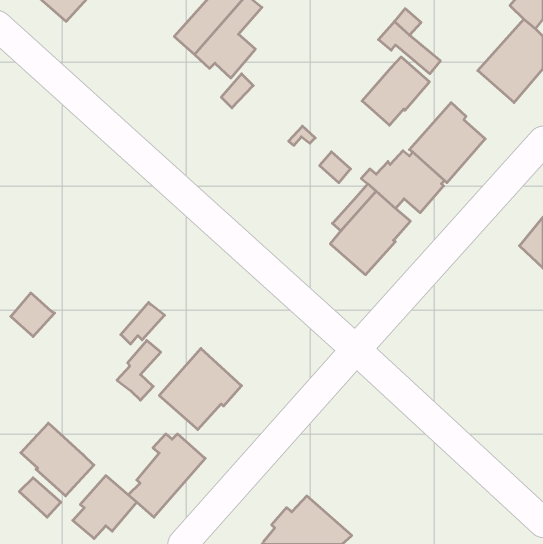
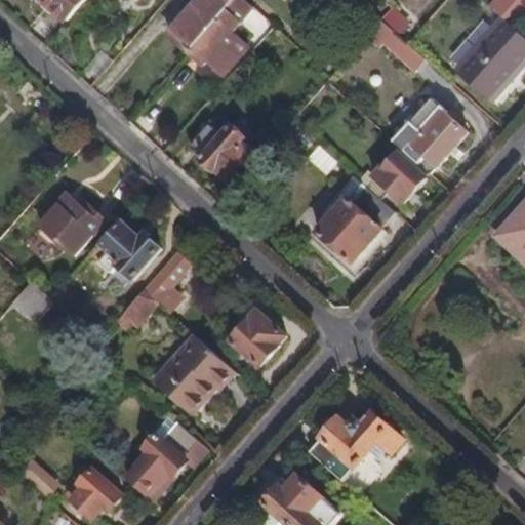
building: [362,57,429,125] -> none
building: none -> [188,125,250,183]
building: none -> [45,185,115,246]
building: none -> [90,220,159,279]
building: none -> [230,311,285,366]
building: [117,340,161,400] -> [145,254,187,312]
building: [21,423,94,496] -> none
building: none -> [307,412,401,471]

